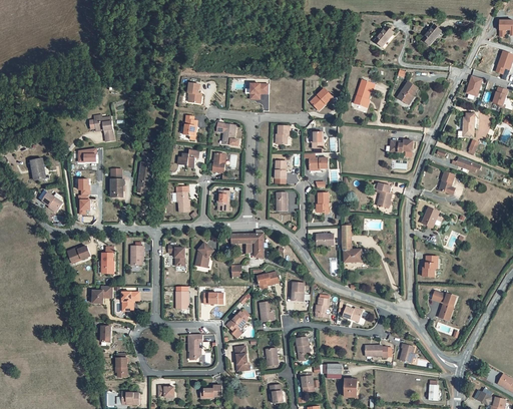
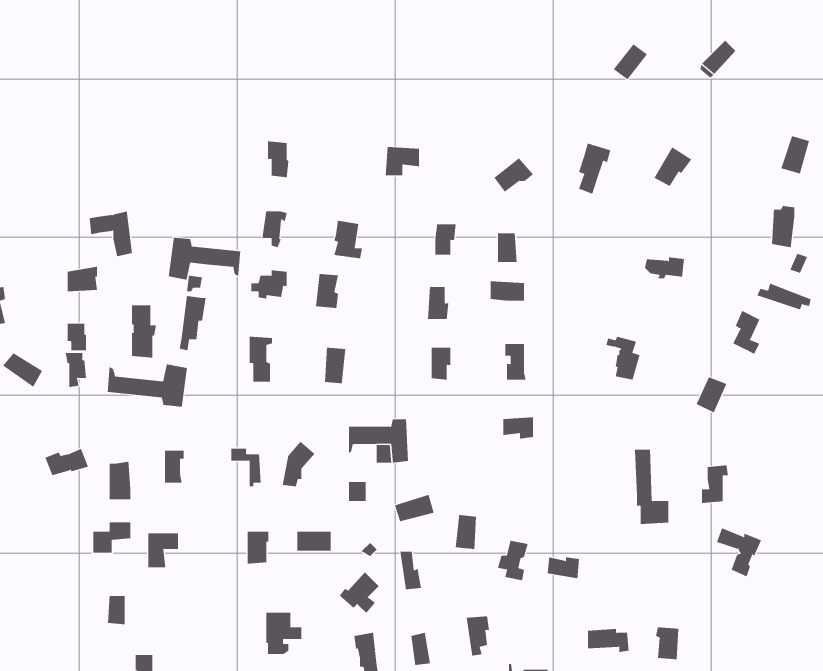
building: none -> [168,237,241,281]
building: none -> [107,363,188,407]
building: [342,222,361,263] -> [634,449,669,525]

